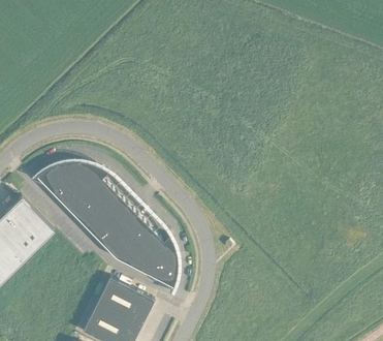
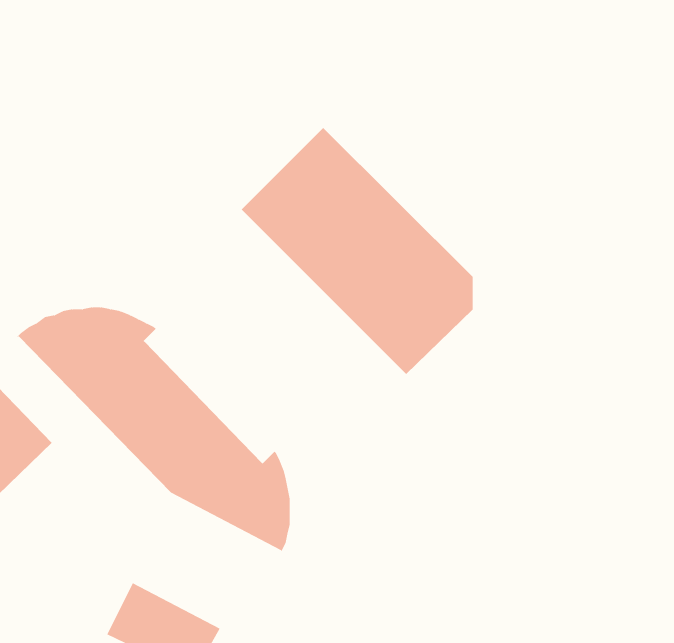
building: none -> [241,127,473,375]
building: [95,278,154,328] -> none

